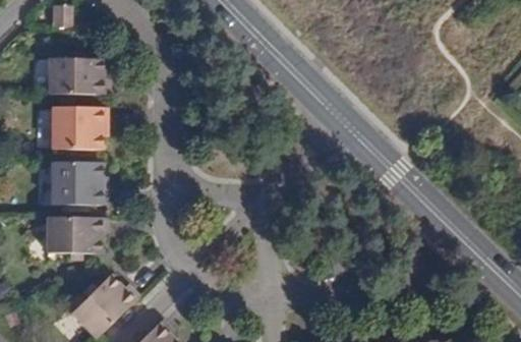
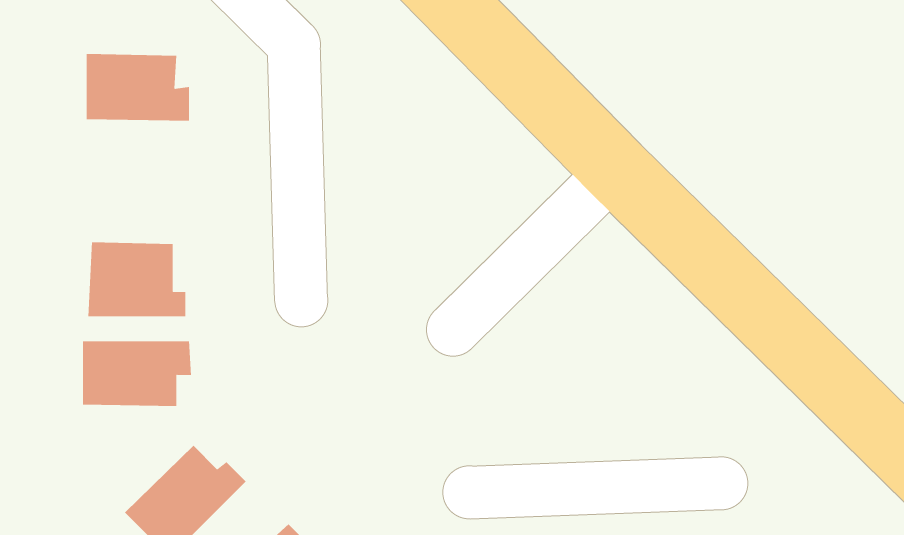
building: [51,106,104,148] -> none

